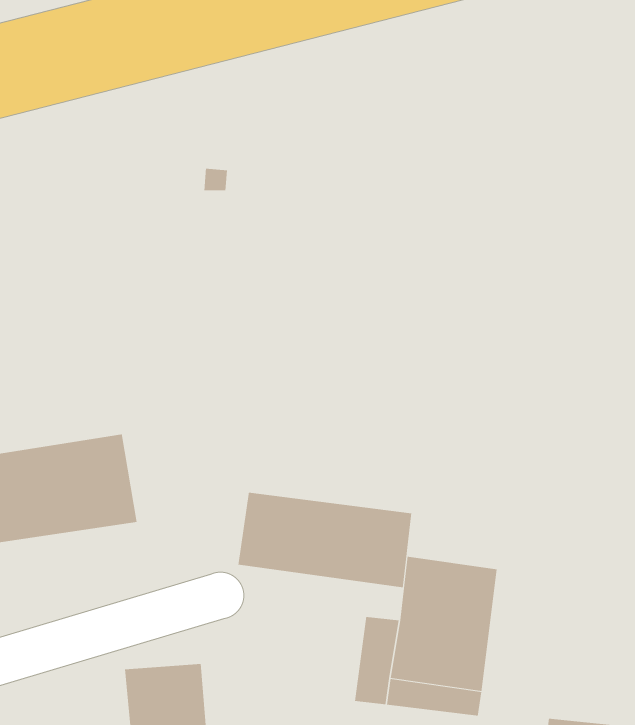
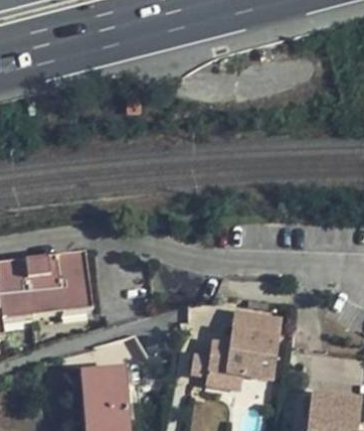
building: [238,492,412,588] -> none

